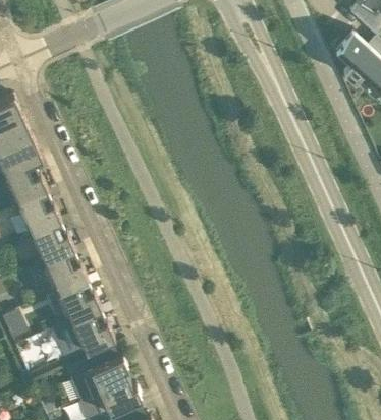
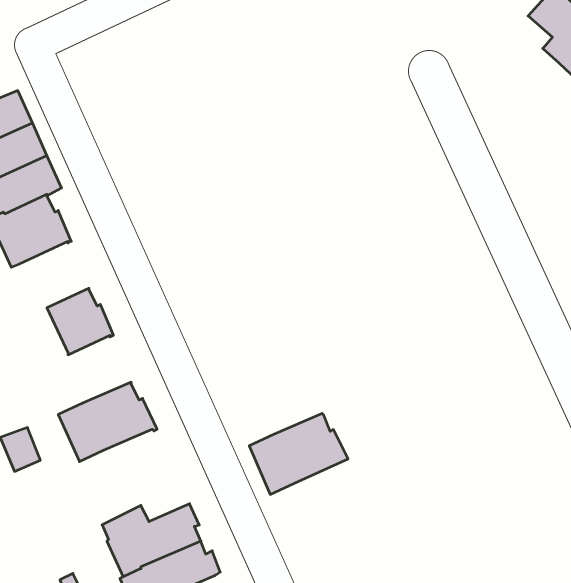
building: [14,192,60,236] -> none
building: [40,251,87,294] -> none
building: [52,310,114,361] -> [249,413,348,494]

